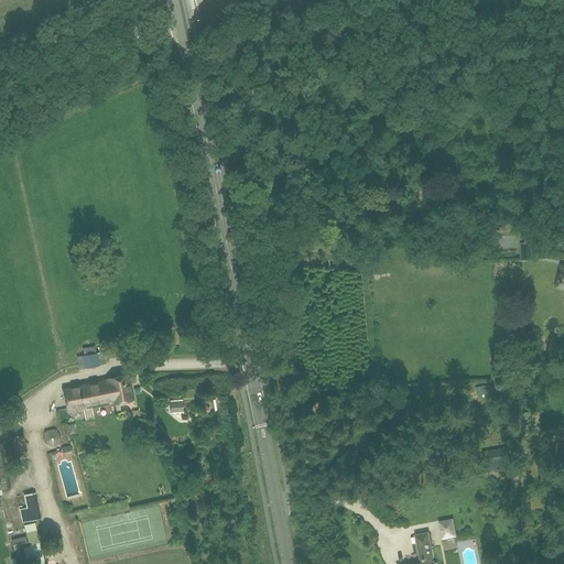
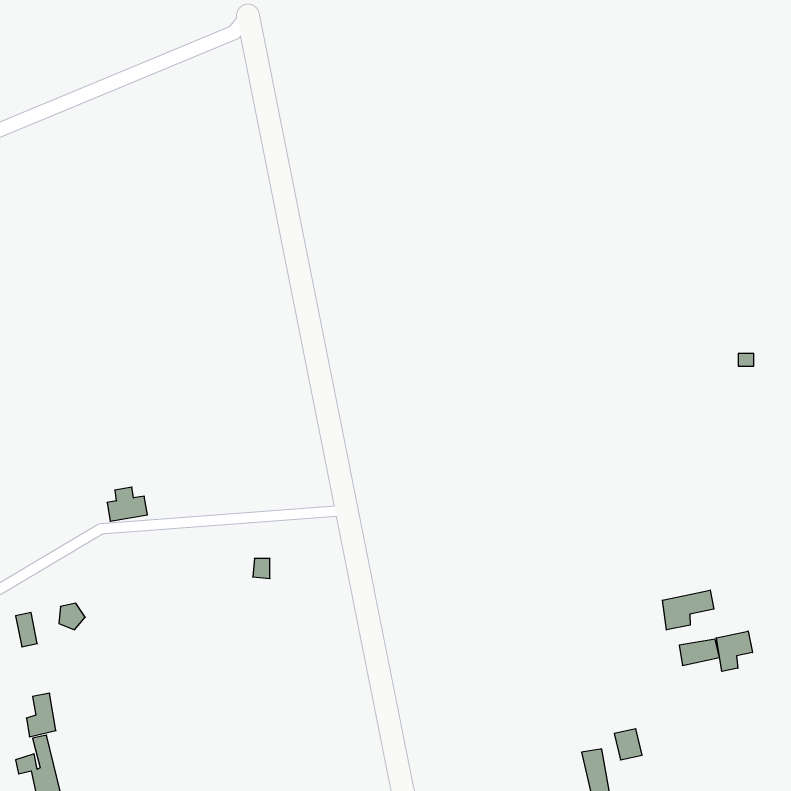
building: [63,375,134,415] -> none
building: none -> [663,590,714,630]
building: none -> [716,631,752,671]

